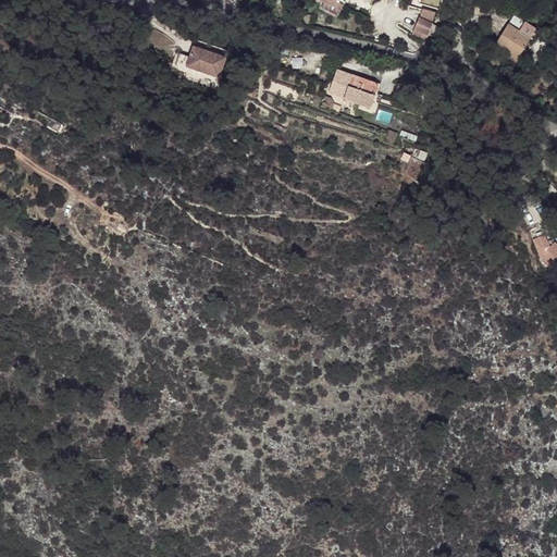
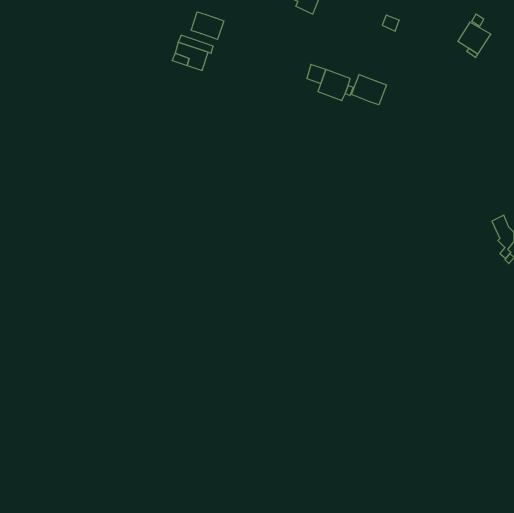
building: none -> [191,12,224,39]
building: none -> [352,74,386,105]

